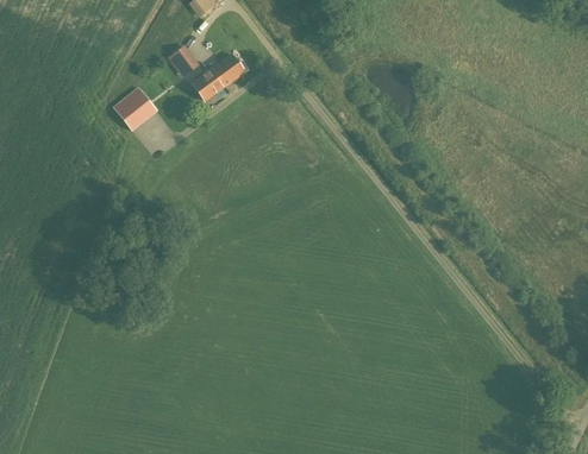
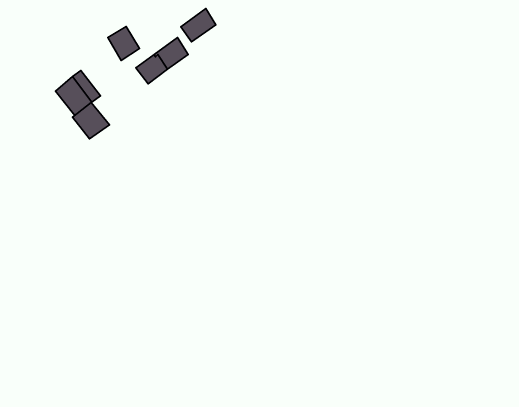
building: none -> [181,9,216,42]
building: none -> [73,103,109,139]

